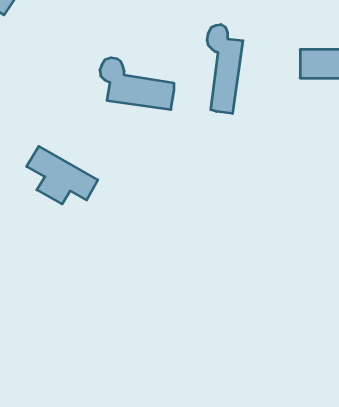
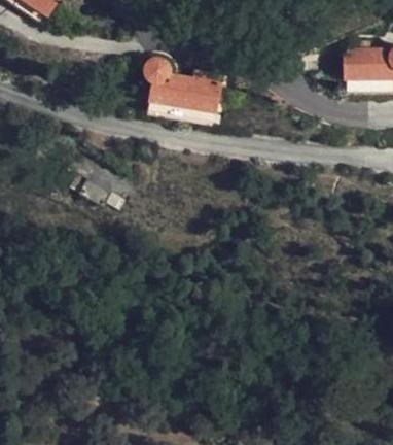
building: [207,24,243,114] -> none

